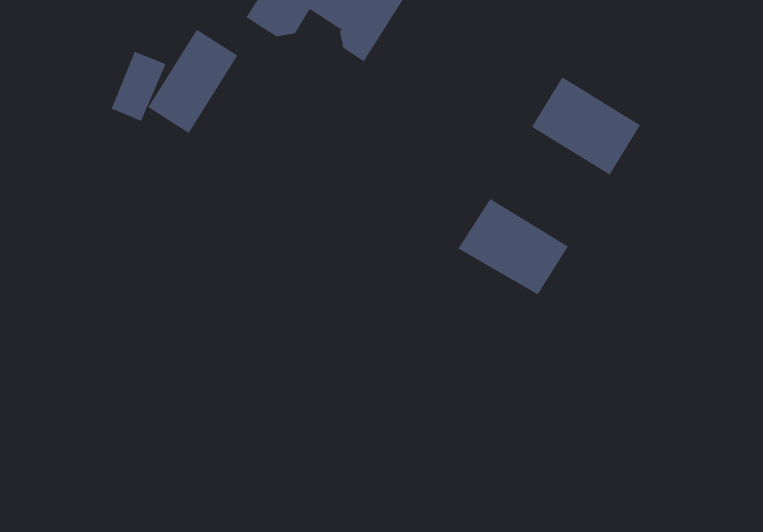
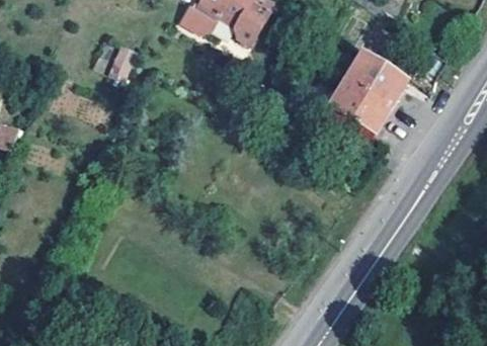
building: [147,29,238,134] -> none
building: [457,198,569,295] -> [325,82,388,137]

